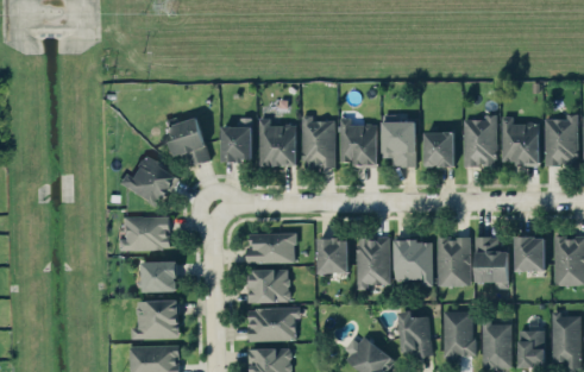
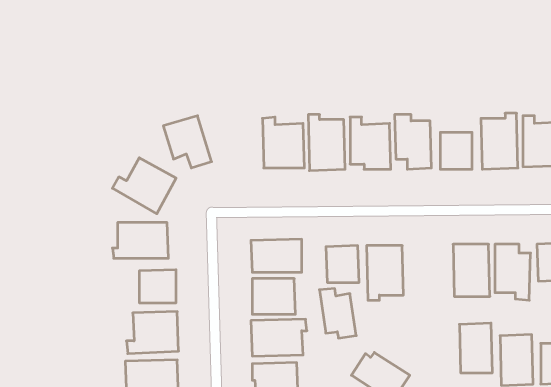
building: [222,119,252,162] -> none
building: [394,241,432,288] -> none
building: [397,311,432,358] -> [319,289,356,338]

